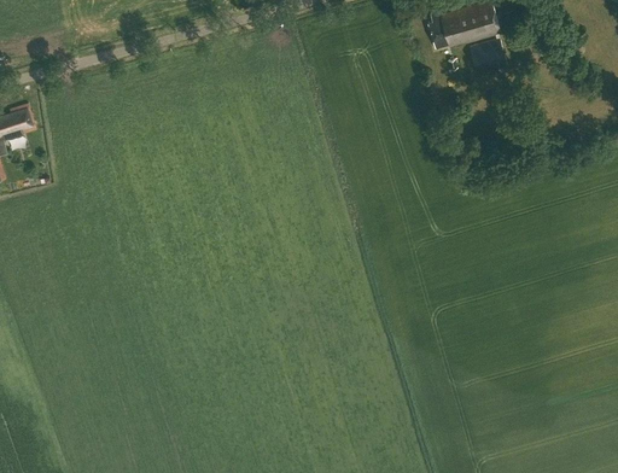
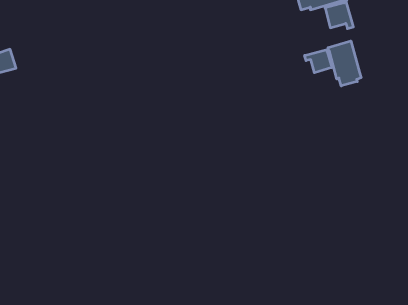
building: none -> [305,41,361,86]

